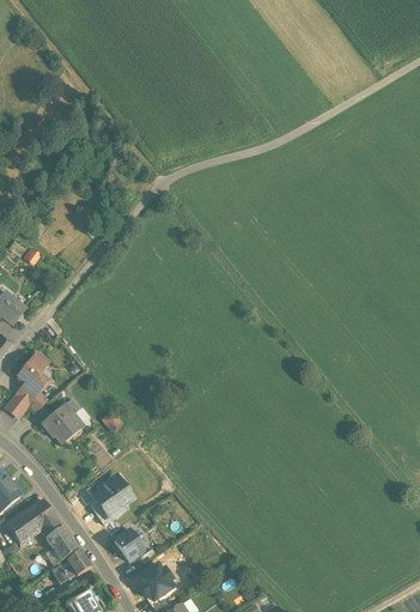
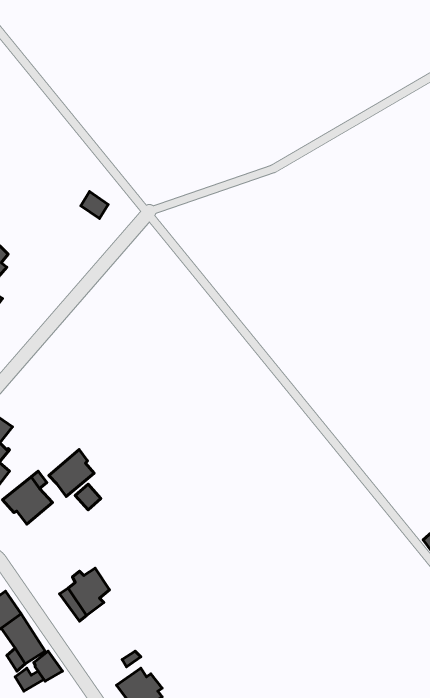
building: none -> [49,450,94,496]
building: [114,528,145,561] -> none

